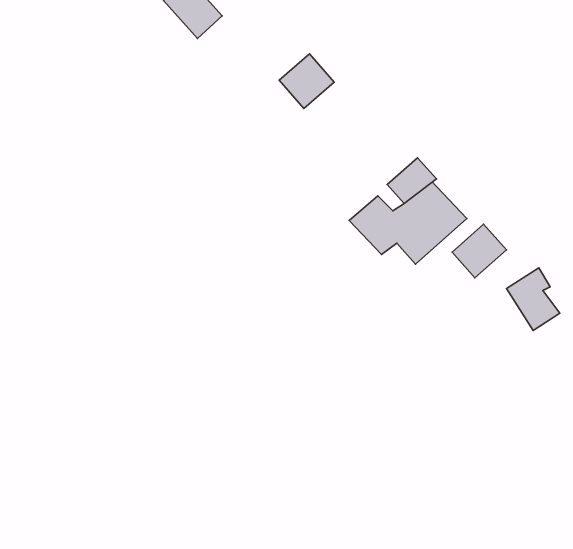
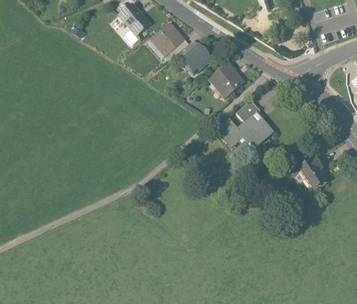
building: none -> [150,21,183,54]
building: none -> [209,62,244,97]
building: [452,224,507,278] -> none

